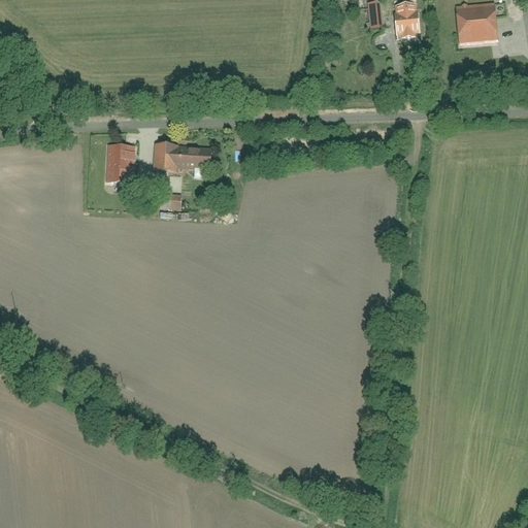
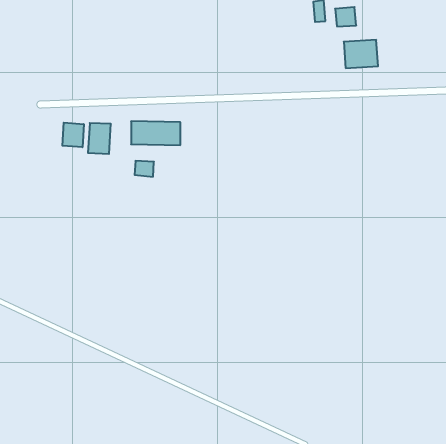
building: [458,7,498,40] -> [344,40,378,68]
building: none -> [62,123,84,147]

